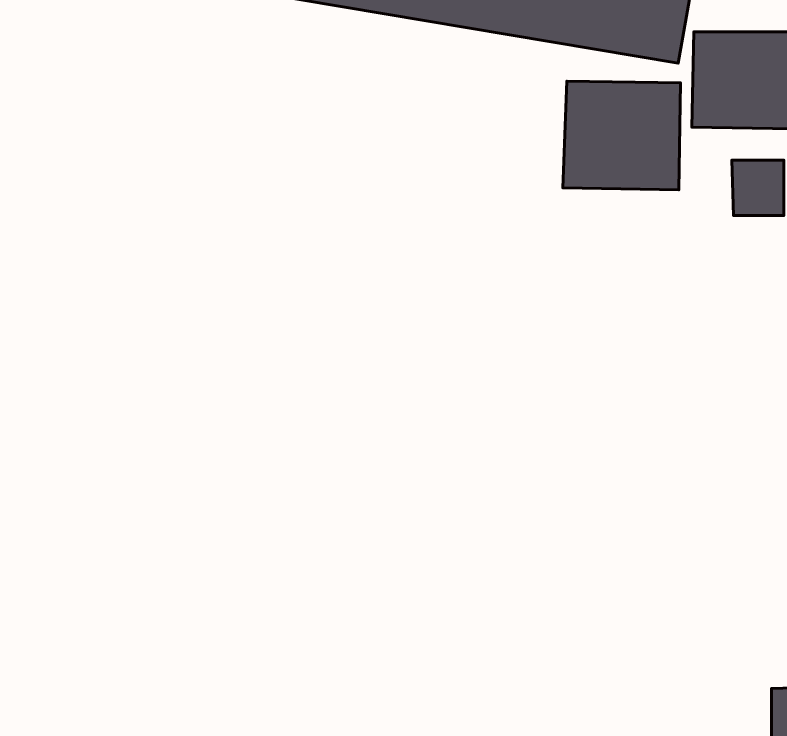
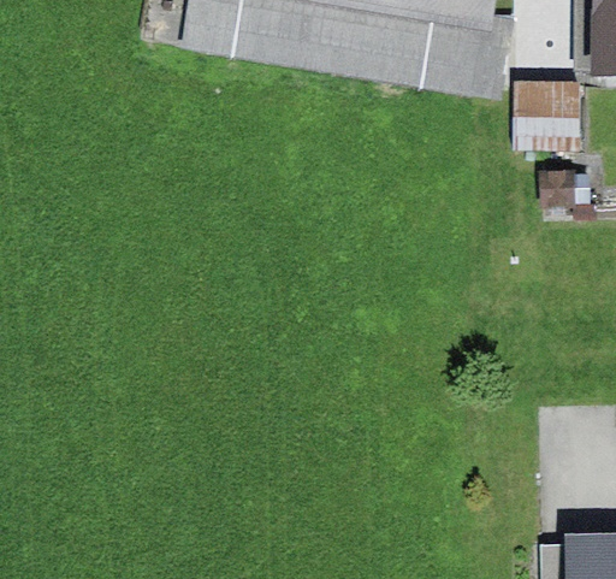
building: [563,81,681,190] -> none

